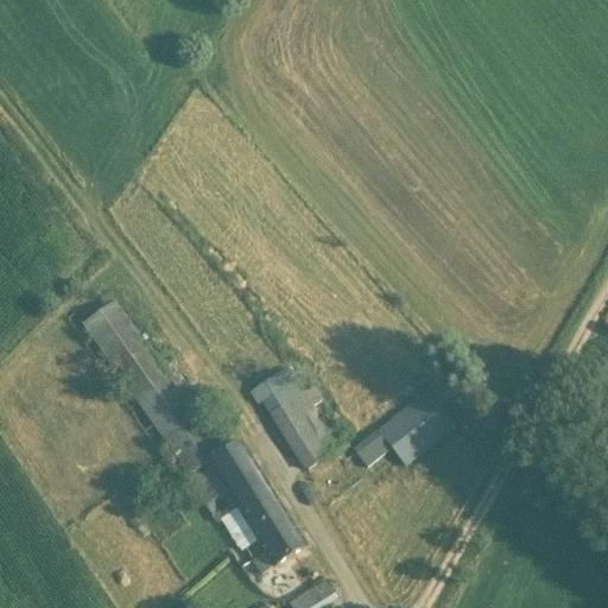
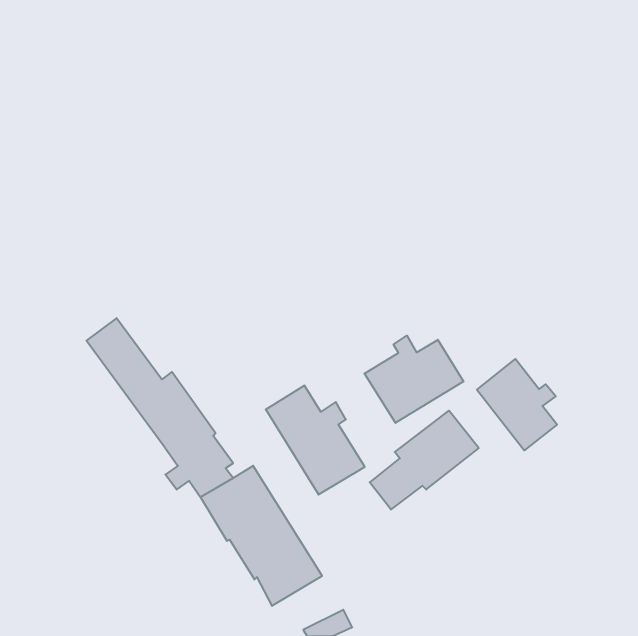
building: none -> [364,336,463,423]
building: none -> [477,359,557,450]

